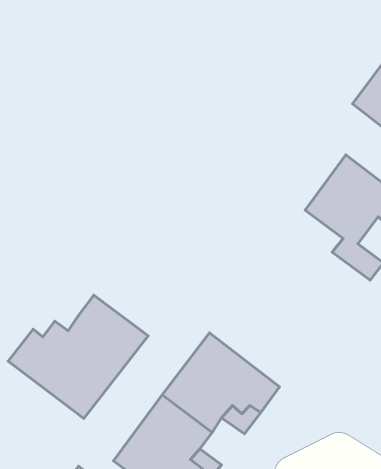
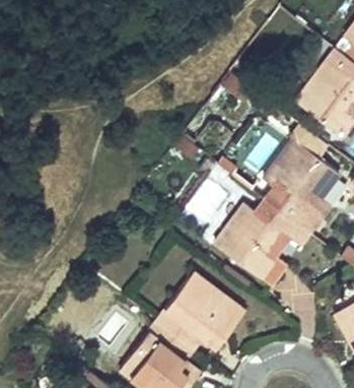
building: none -> [215,203,311,278]
building: [8,295,148,419] -> none

